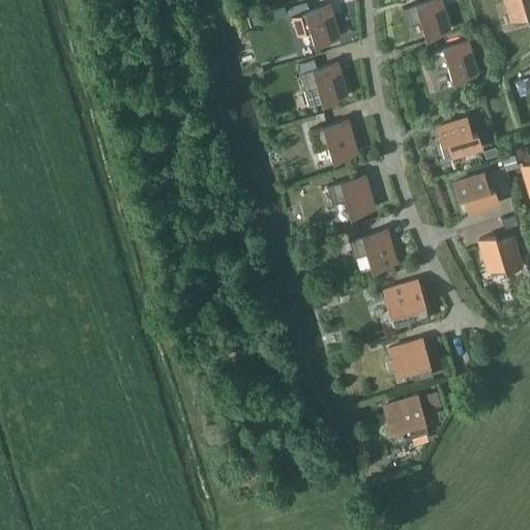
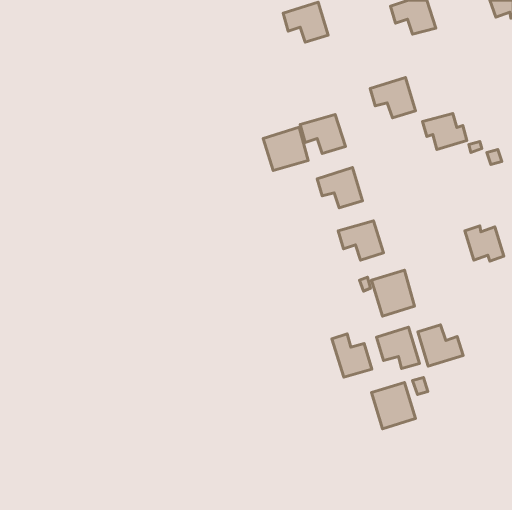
building: [431,41,477,83] -> [370,78,415,118]
building: [300,63,347,108] -> [263,127,308,170]
building: [453,173,500,216] -> none
building: none -> [418,325,463,366]
building: none -> [332,334,372,377]

